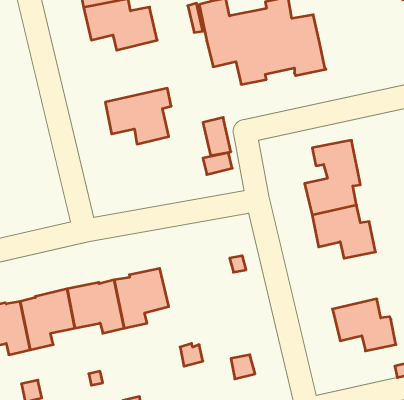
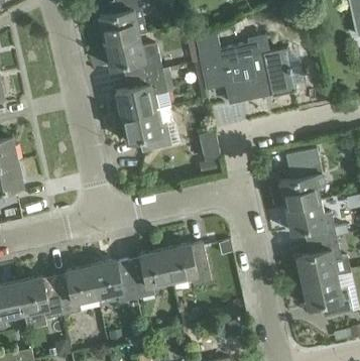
building: none -> [115,69,170,118]
building: none -> [296,237,350,282]
building: none -> [164,243,211,286]

